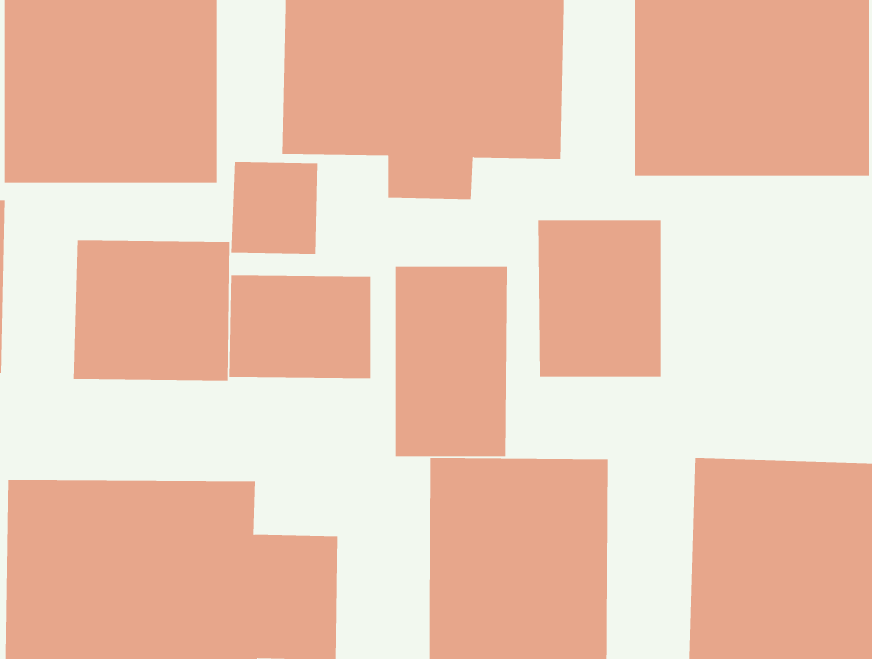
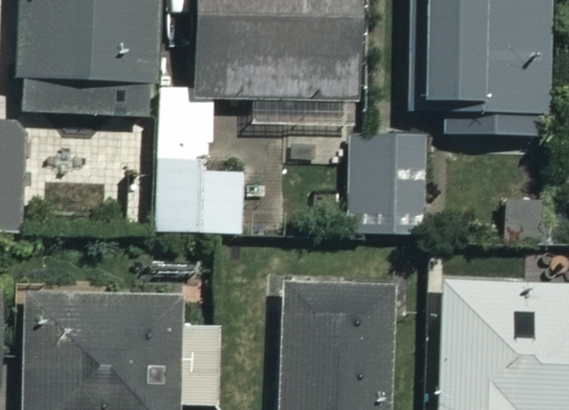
building: [73,239,230,382] -> none
building: [395,266,507,457] -> none

